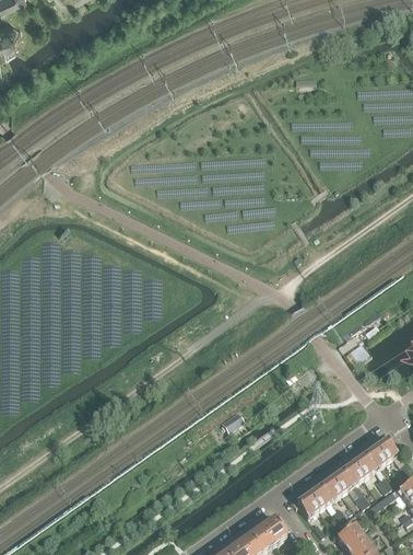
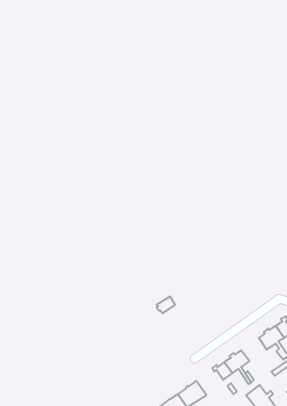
building: [331,461,369,506] -> none

